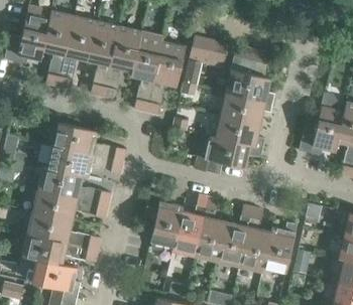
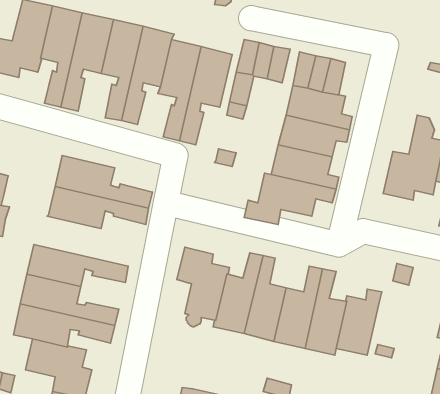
building: [37,165,111,204] -> none

